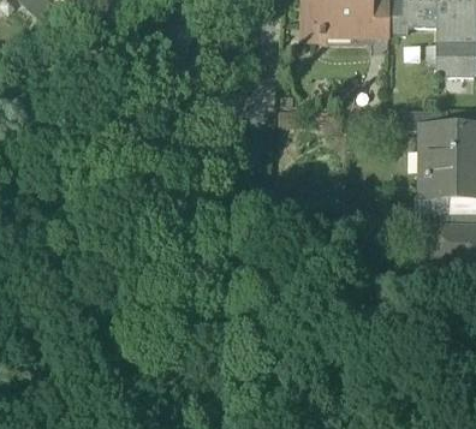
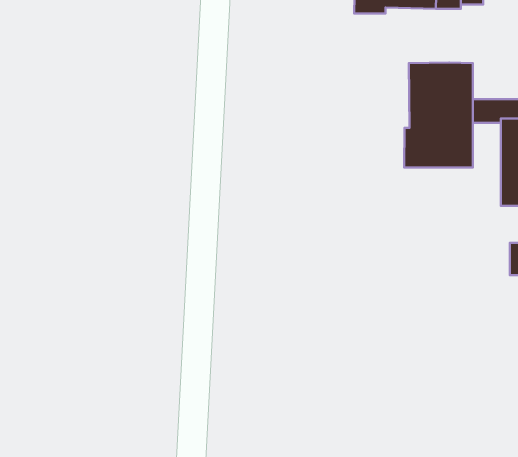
building: none -> [404,62,473,168]

